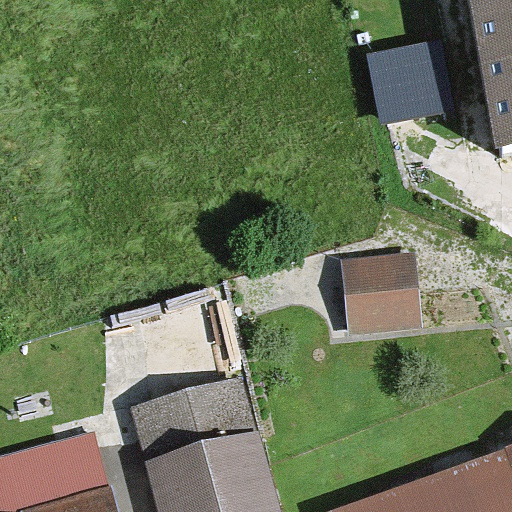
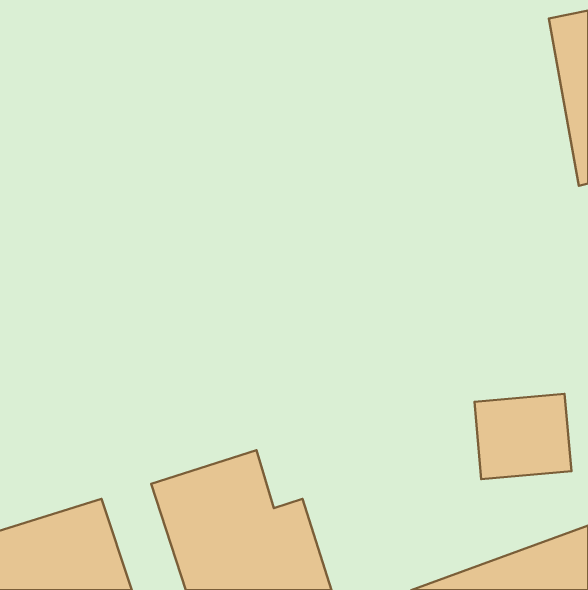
building: [370,49,449,131] -> none
building: [338,258,422,332] -> [474,394,571,479]

